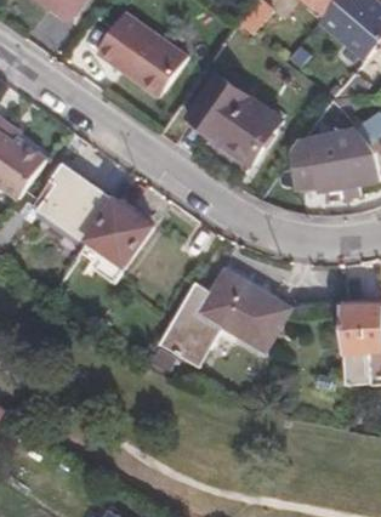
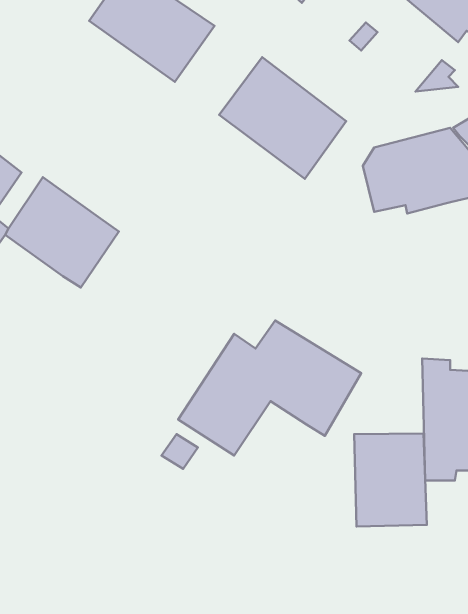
building: [83,197,153,286] -> none
building: none -> [354,434,427,526]

